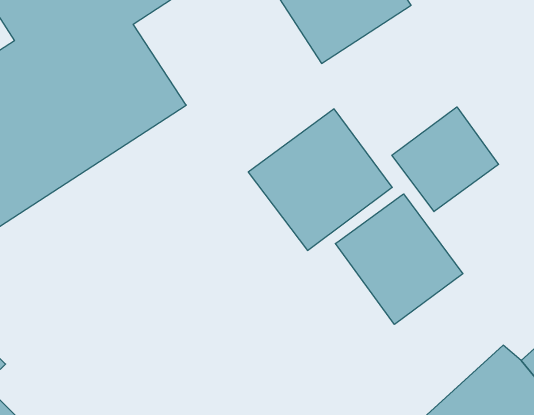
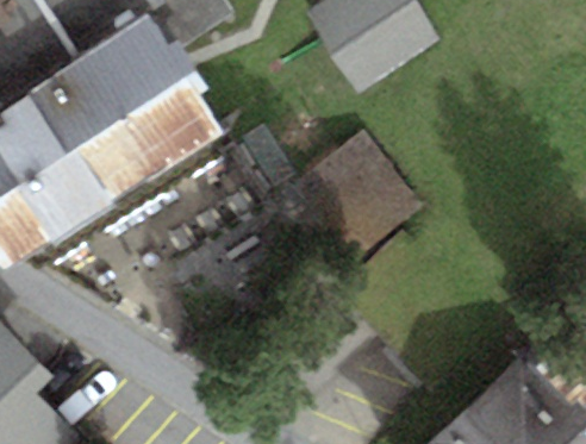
building: [392,107,499,212] -> none
building: [335,194,463,324] -> none

